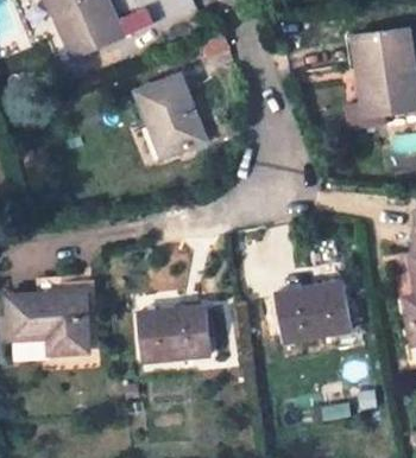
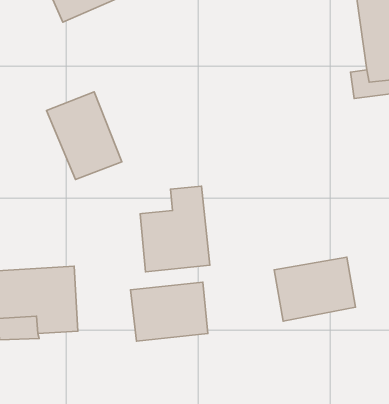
building: [135,74,207,157] -> [47,92,122,179]
building: none -> [140,186,210,272]

